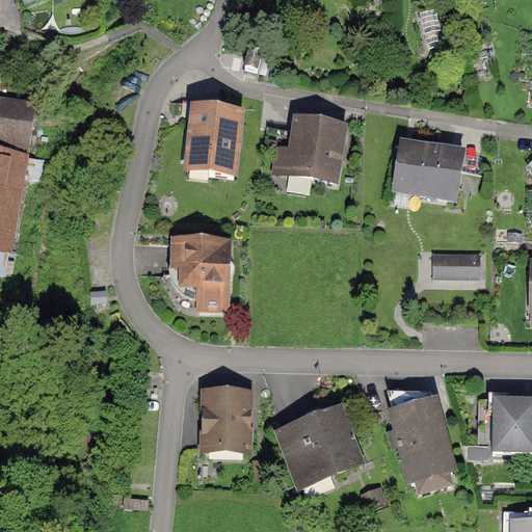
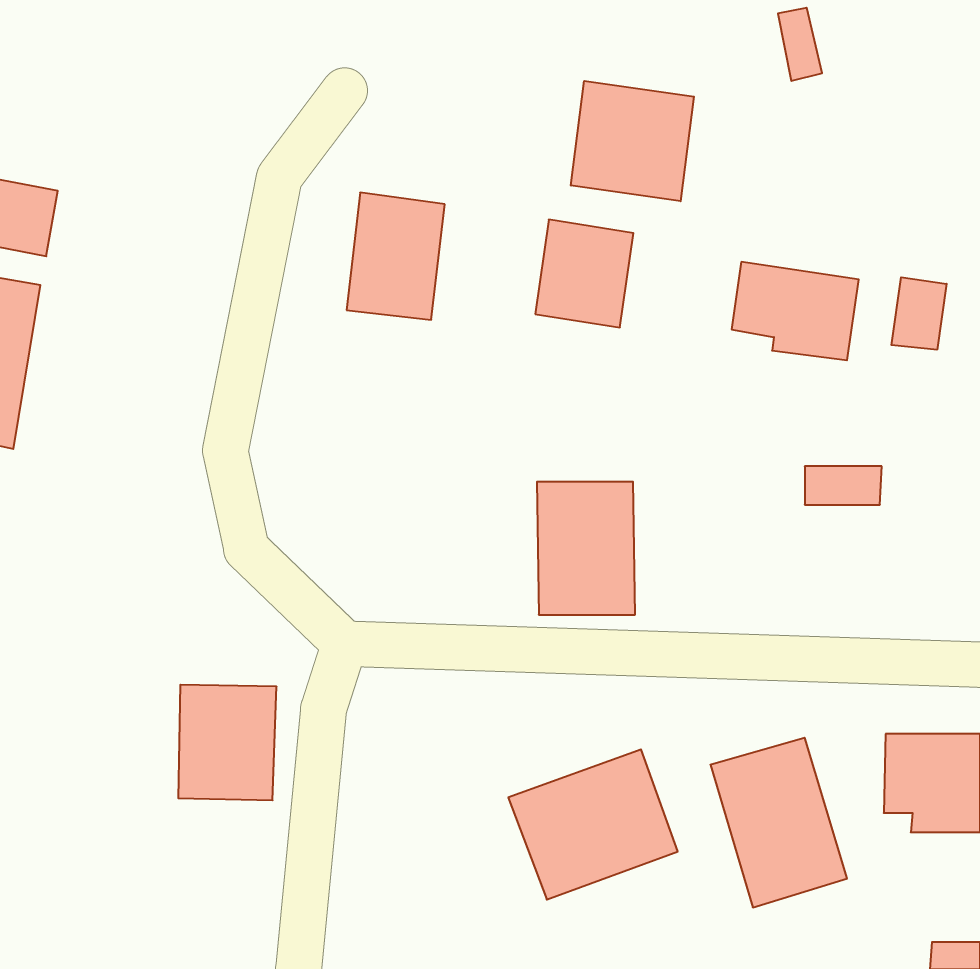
building: none -> [571,81,694,201]
building: none -> [891,277,947,350]
building: [180,235,233,307] -> [537,482,635,615]
building: [202,390,255,452] -> [178,685,277,800]

